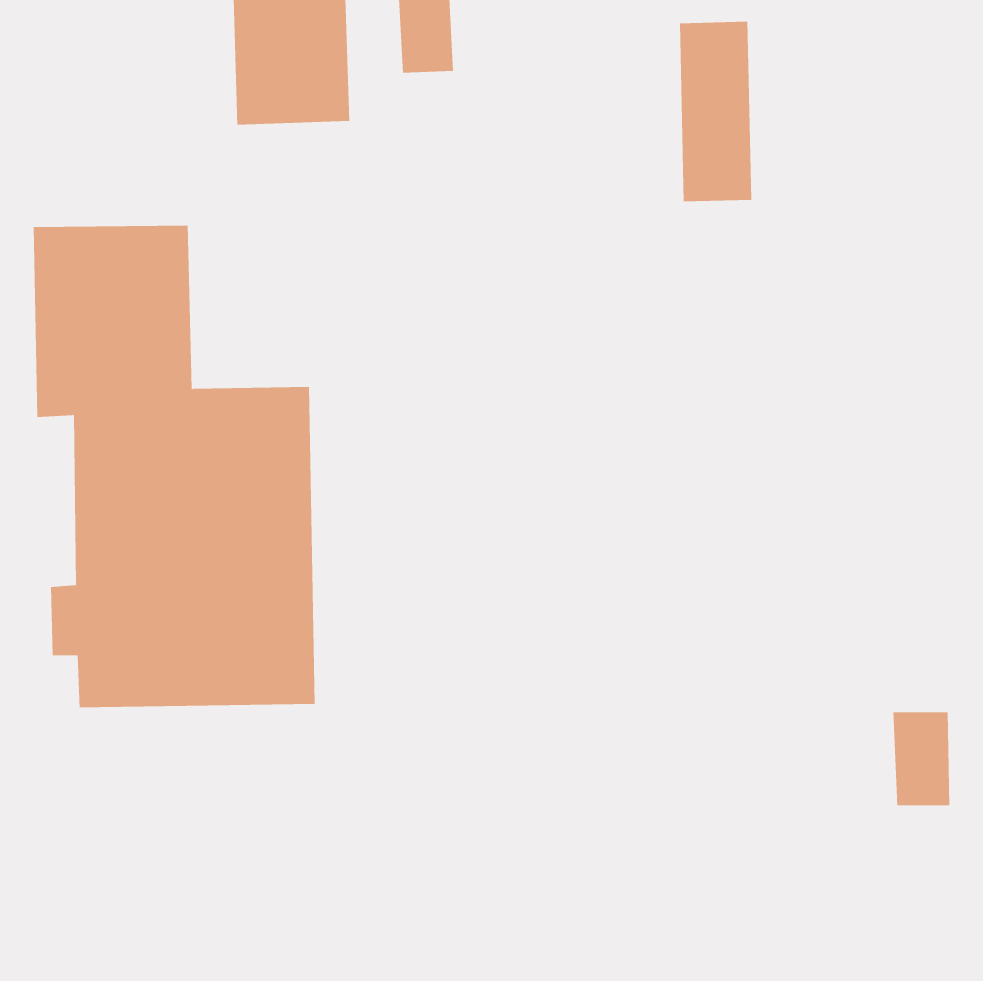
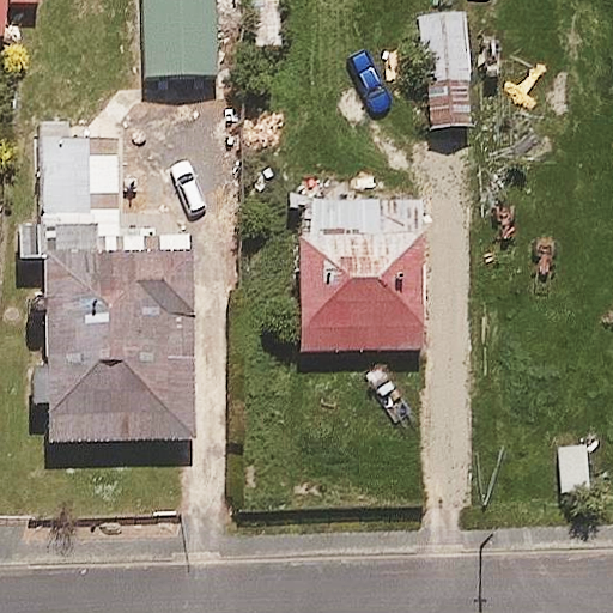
building: none -> [296,189,425,351]

